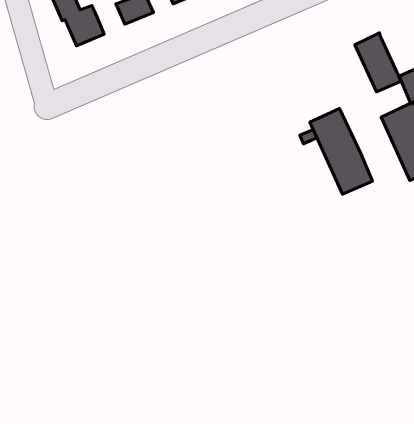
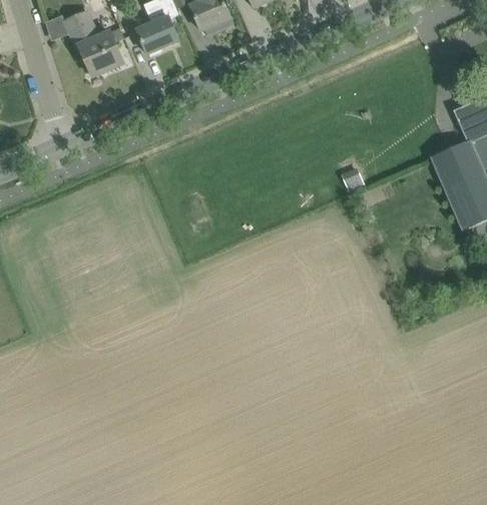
building: [355,33,401,92] -> none
building: [310,109,373,194] -> none

